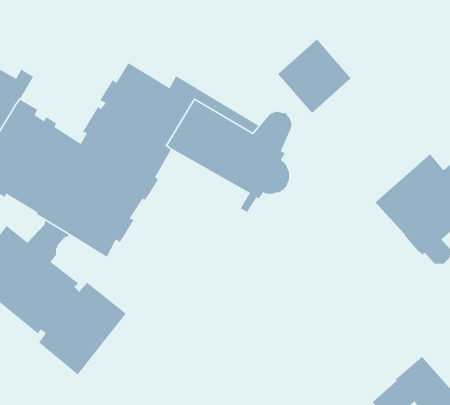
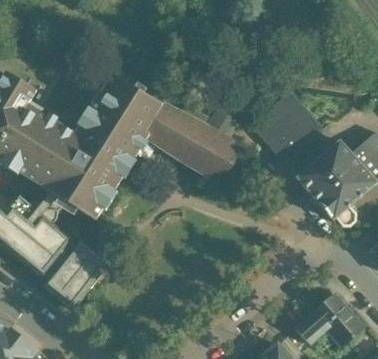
building: [277,38,351,114] -> [258,100,314,157]

